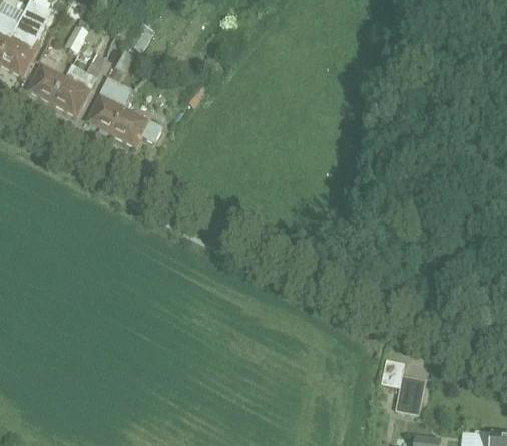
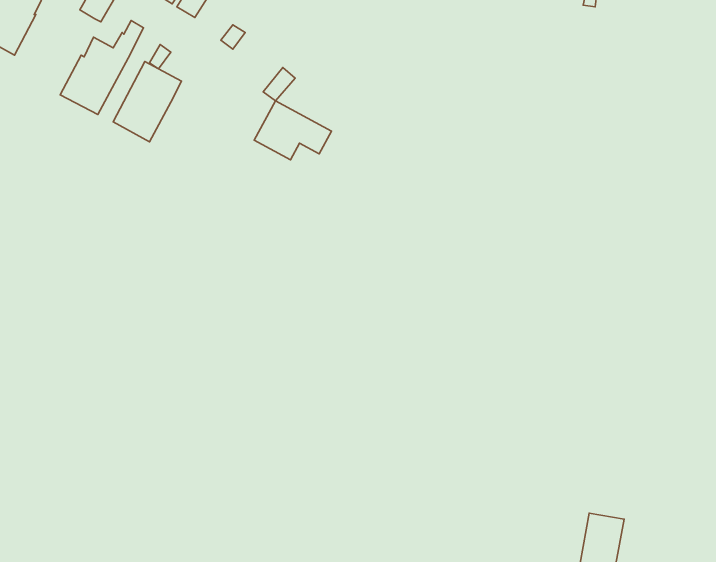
building: [25,63,64,102] -> none
building: [109,107,160,146] -> [254,101,331,160]

